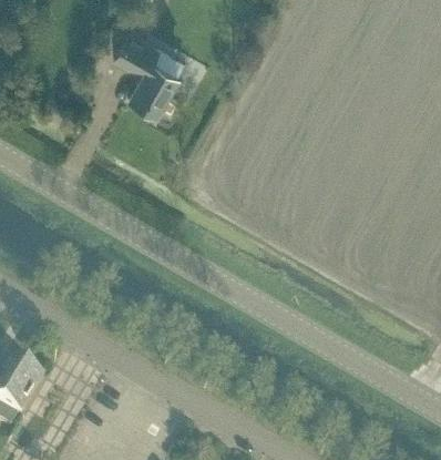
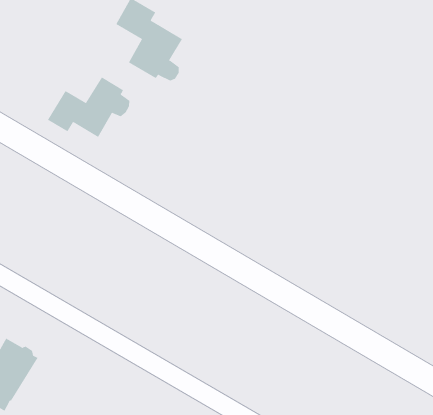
building: none -> [47,77,130,138]

